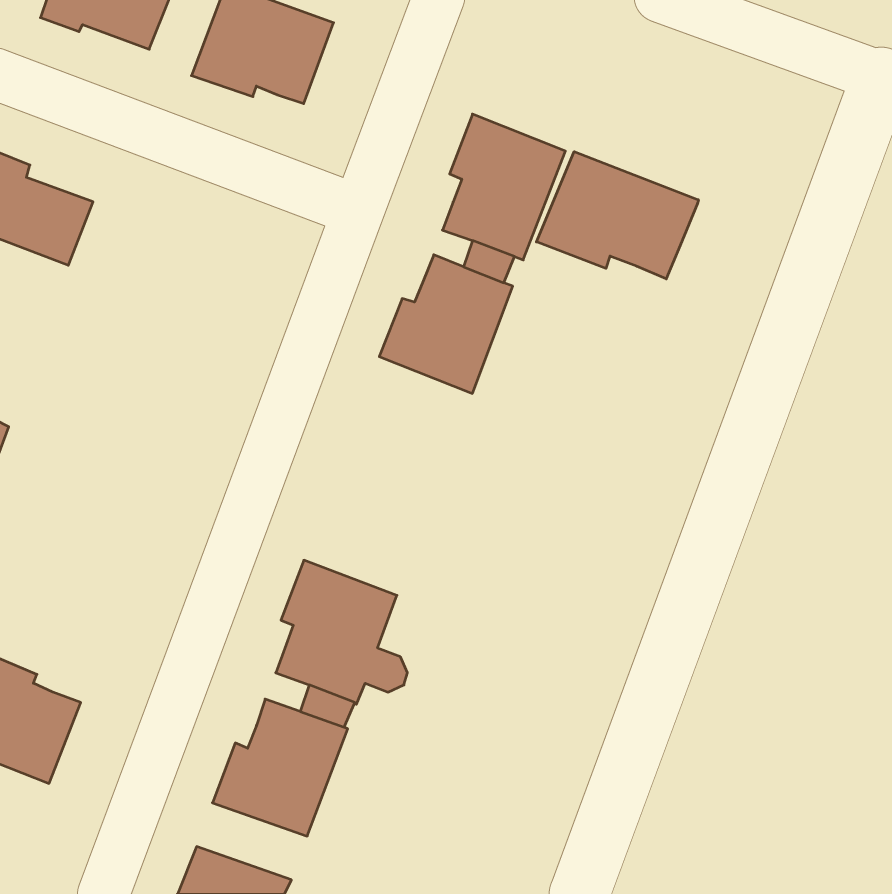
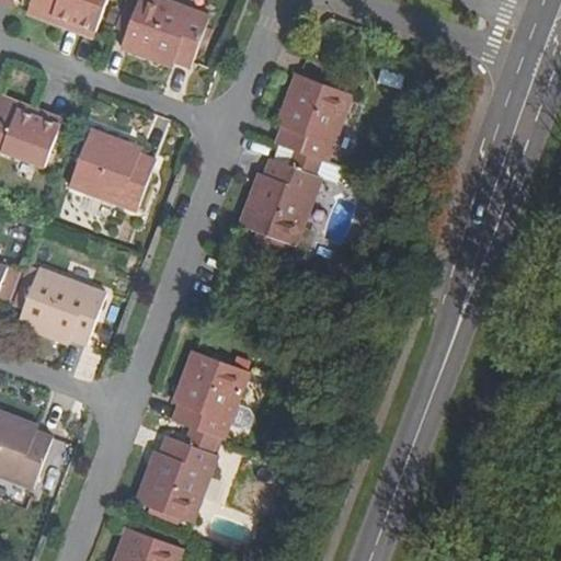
building: [536,152,698,279] -> none
building: none -> [67,129,153,213]
building: none -> [16,266,105,342]

